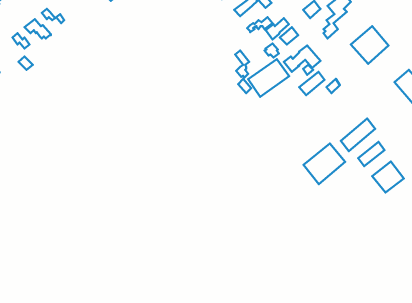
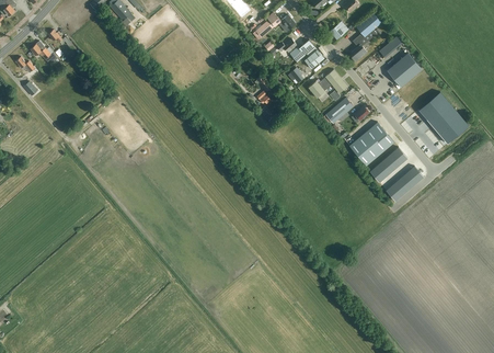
building: [248,59,289,97] -> none
building: [304,143,345,184] -> [349,122,394,166]
building: [372,161,404,192] -> none

